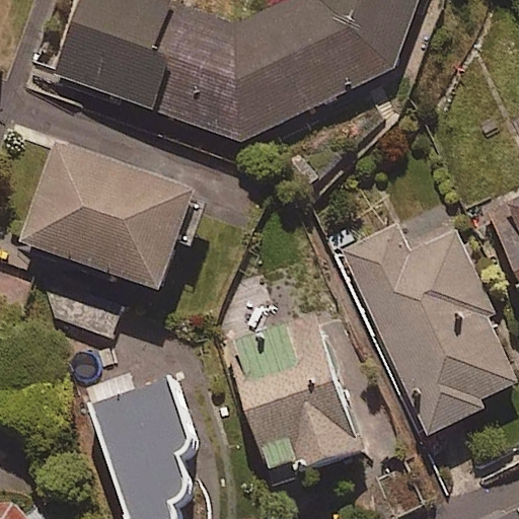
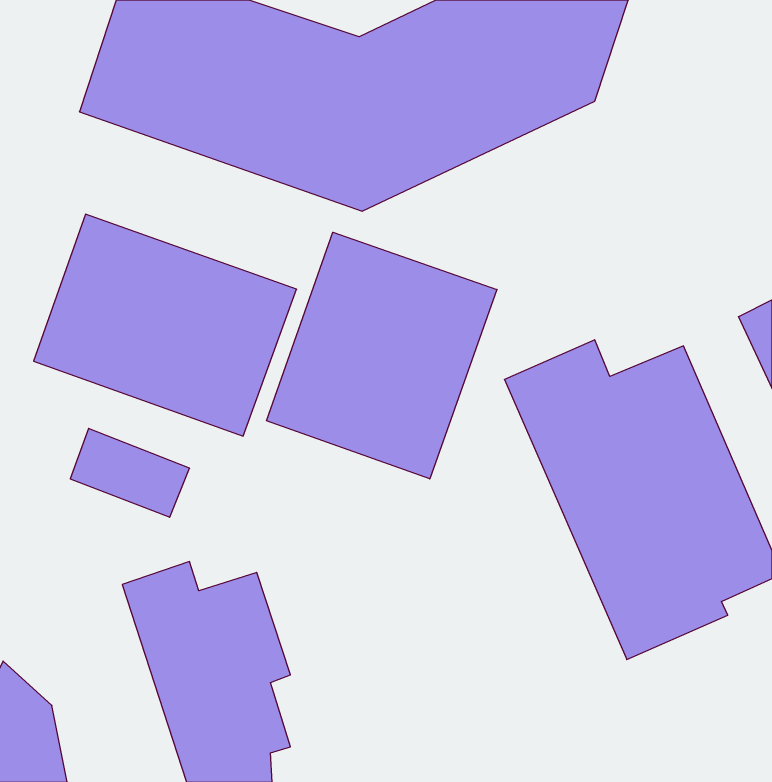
building: none -> [267,232,497,479]
building: [225,313,363,479] -> none

